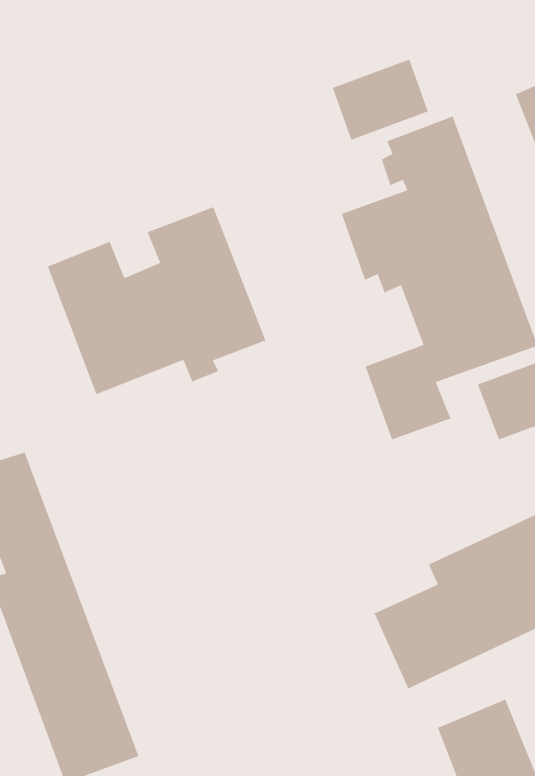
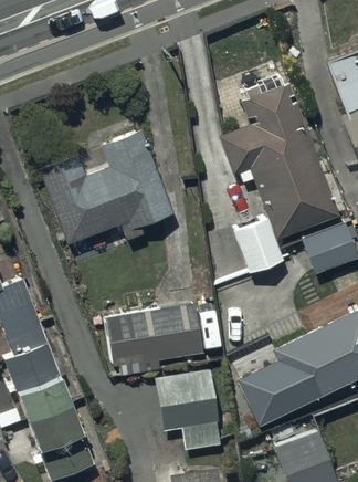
building: [332,59,429,141] -> none
building: none -> [106,304,203,378]
building: none -> [155,370,221,450]

